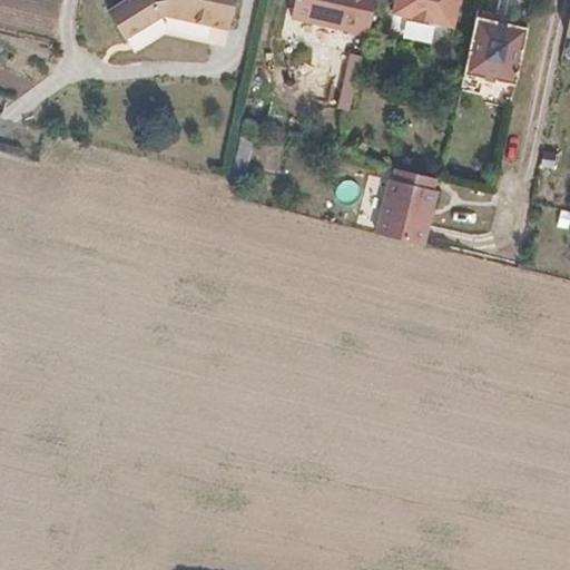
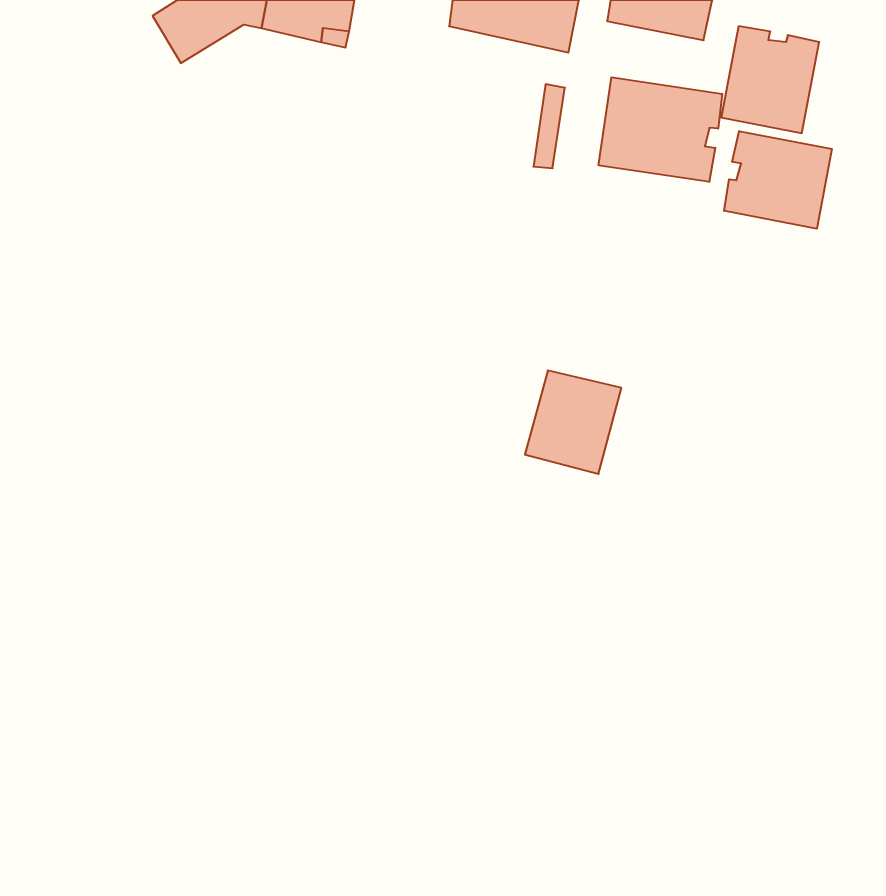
building: none -> [599,77,722,182]
building: none -> [724,131,832,229]
building: [377,177,439,243] -> [525,370,621,474]

